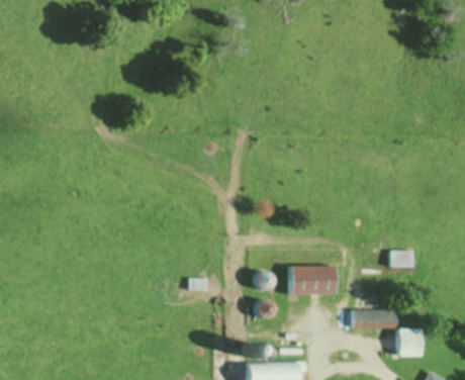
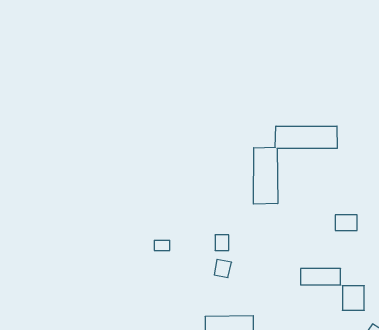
building: none -> [254,126,337,204]
building: [288,266,337,295] -> none

